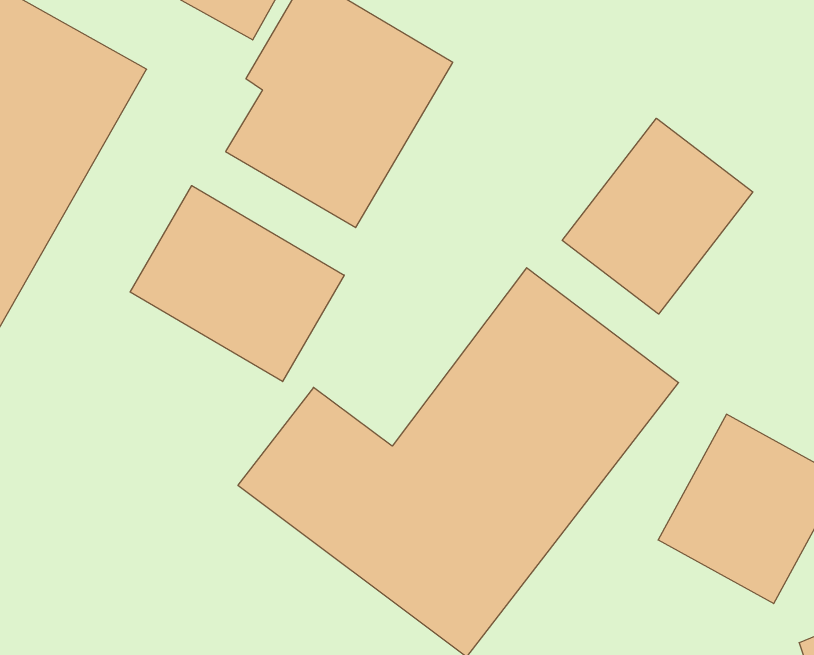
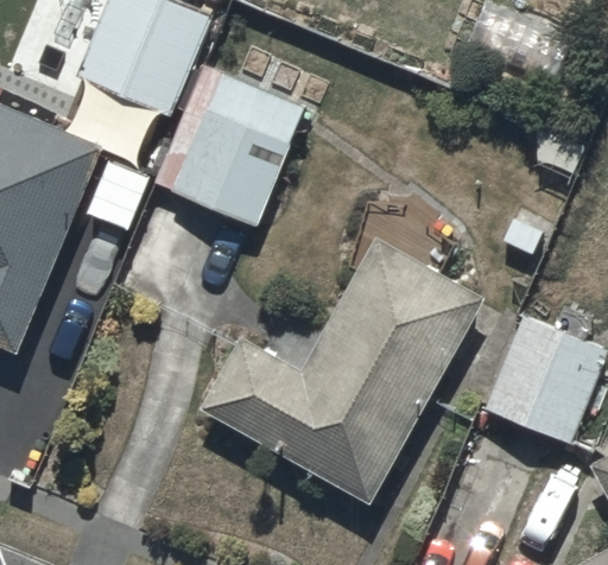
building: [562,118,753,314] -> none
building: [130,186,344,382] -> none

